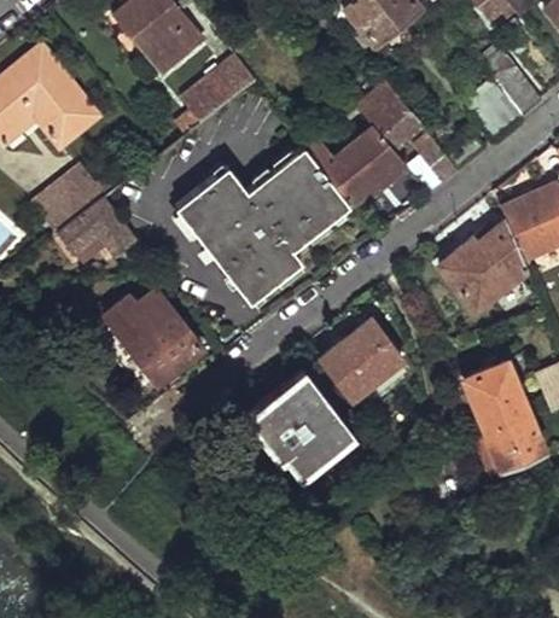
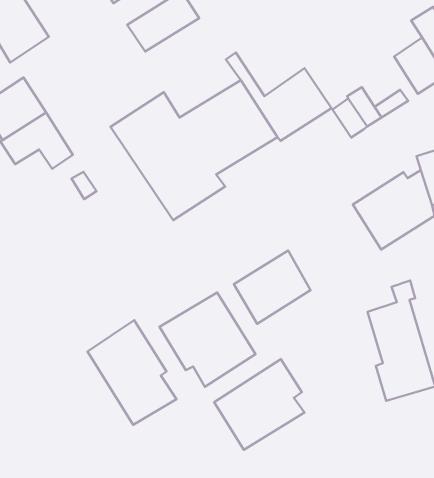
building: [357,82,425,151] -> none
building: [94,290,199,396] -> none
building: none -> [87,320,176,425]
building: none -> [214,359,304,450]

